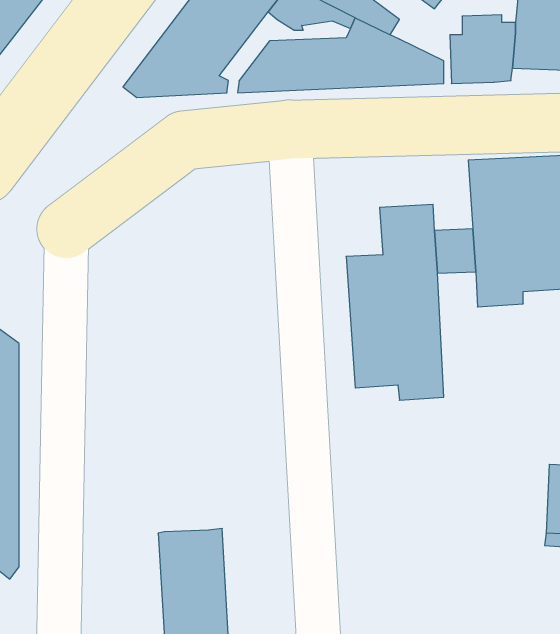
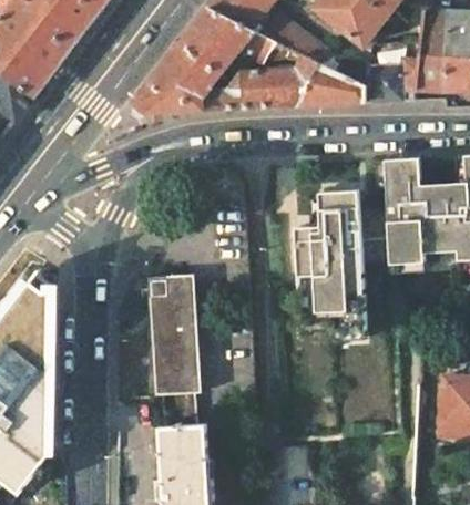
building: none -> [153,274,194,426]

